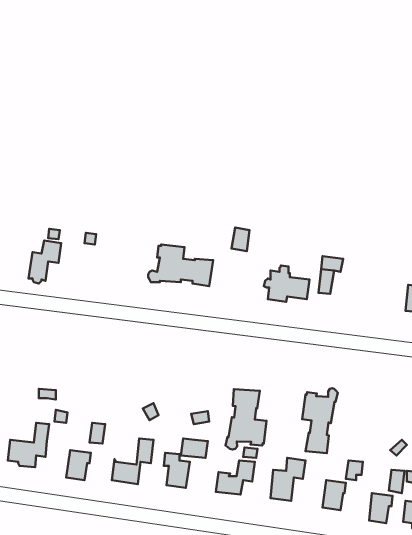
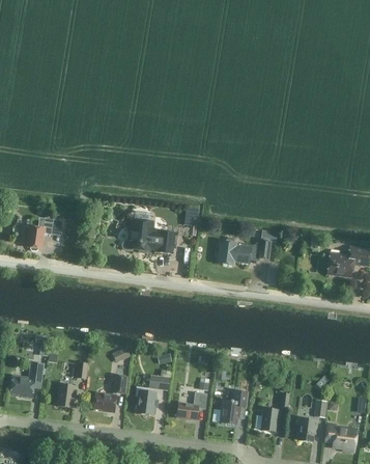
building: [302,388,338,453] -> none
building: [225,389,266,449] -> none

